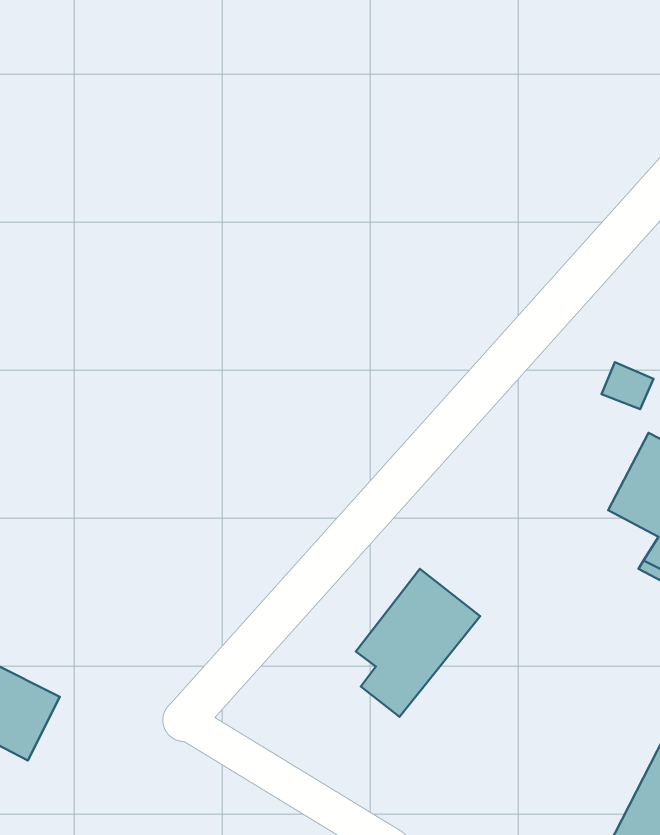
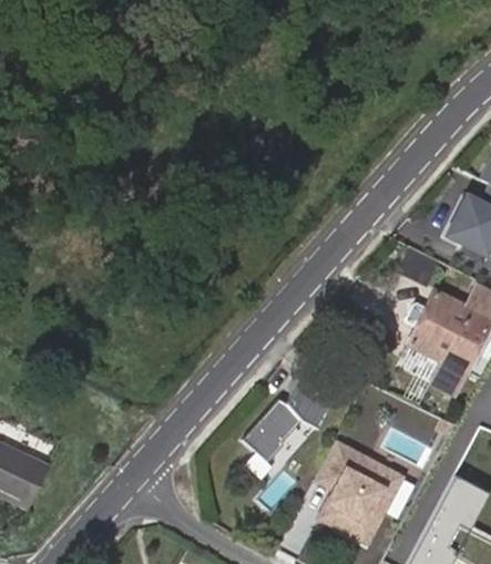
building: none -> [314,438,407,546]

